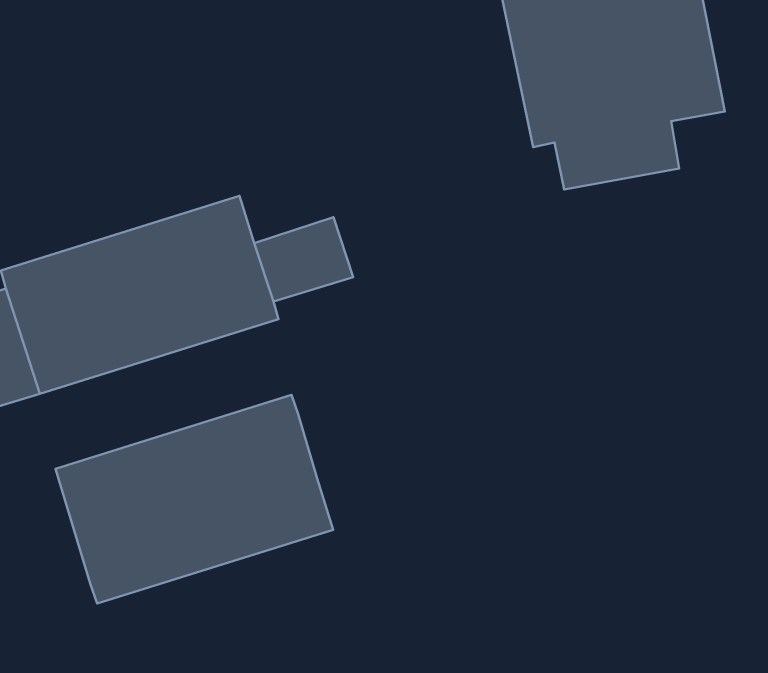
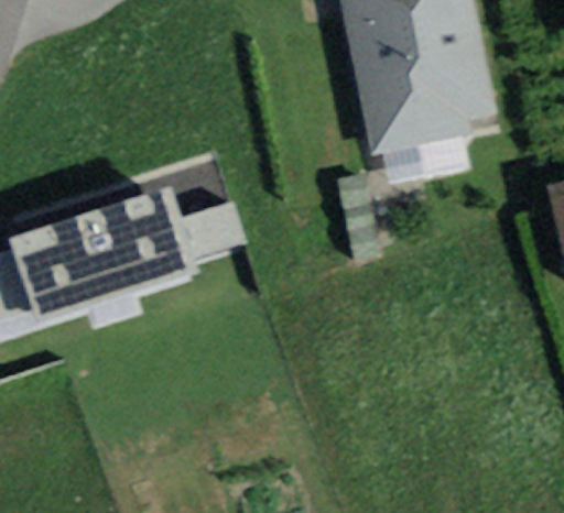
building: [55,395,333,604] -> none

